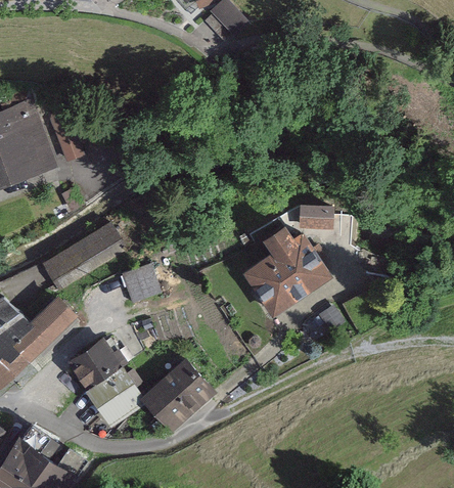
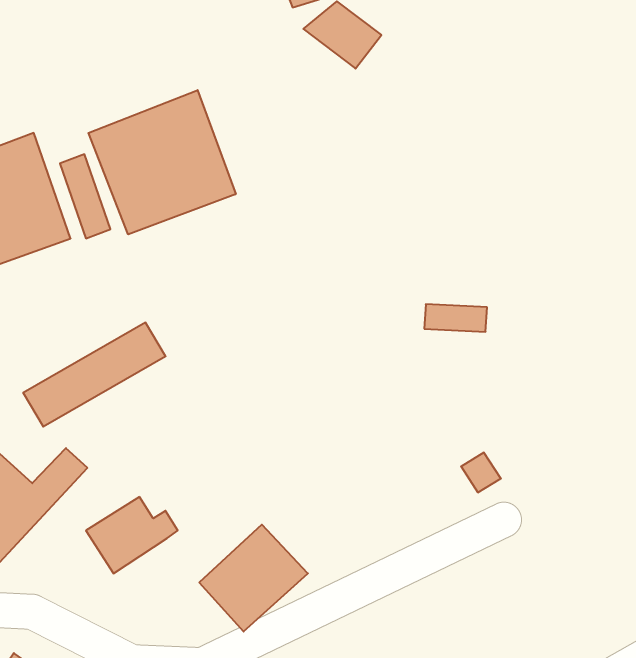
building: none -> [88,90,236,234]
building: [241,232,331,322] -> none
building: [124,268,163,306] -> none
building: [86,365,146,427] -> none

